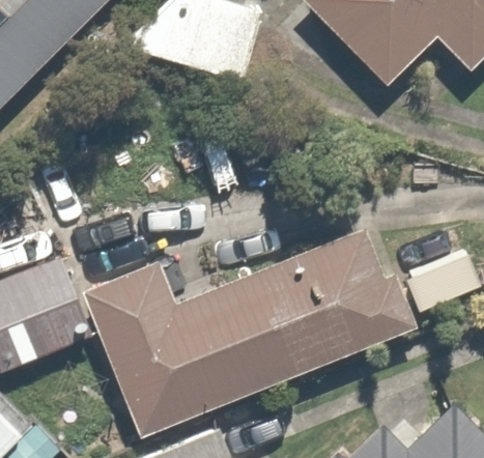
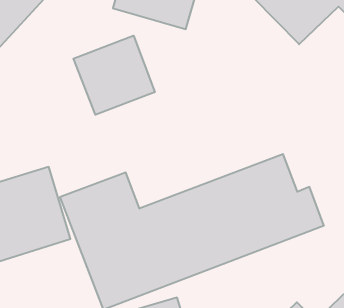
building: none -> [73,36,155,115]

